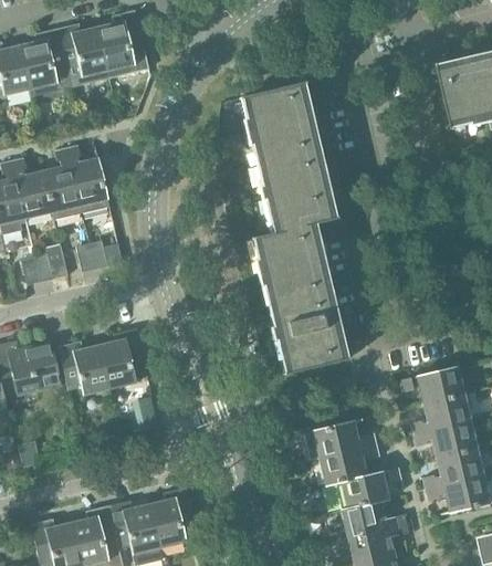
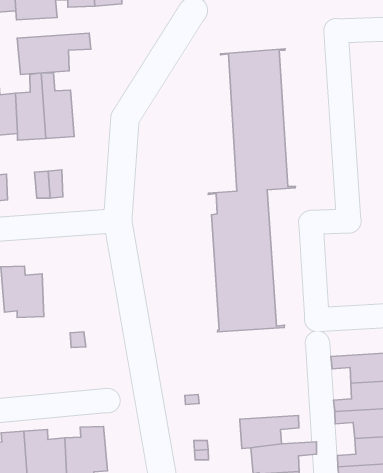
building: none -> [17,33,91,74]
building: [100,328,146,388] -> none
building: [305,421,377,460] -> none

